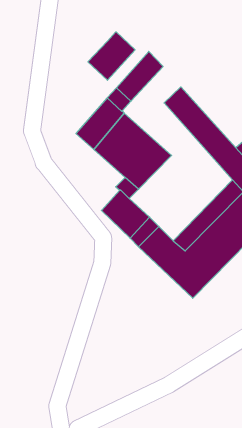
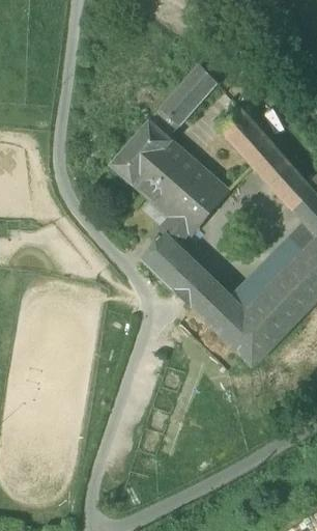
building: [88,32,135,80] -> none

